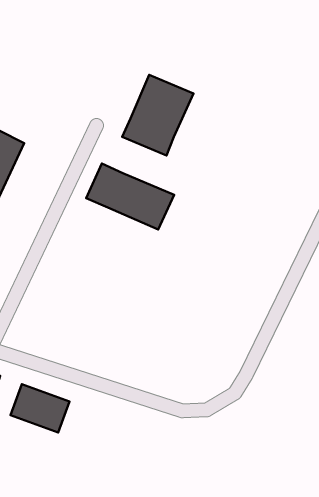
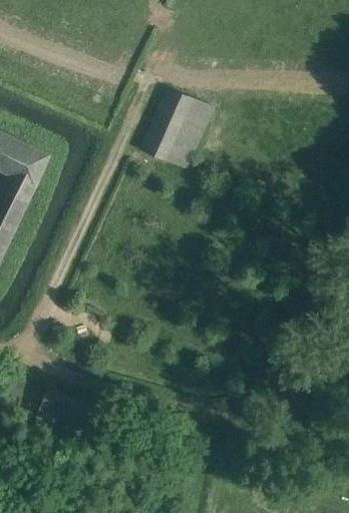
building: [86,163,174,230] -> none

